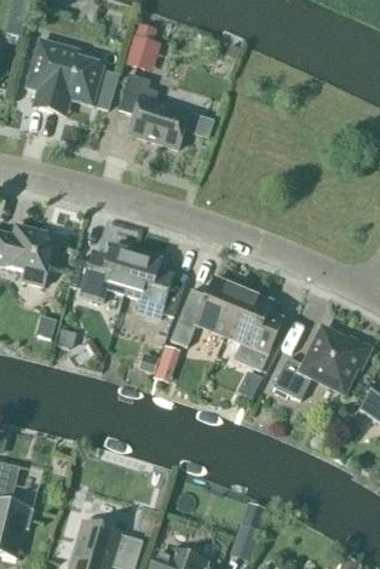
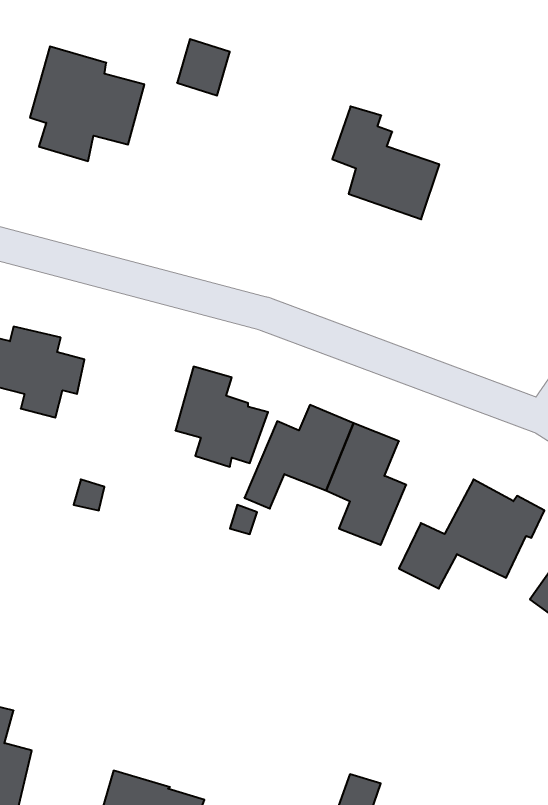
building: [119,74,190,149] -> [332,106,439,219]
building: [70,245,137,301] -> none

